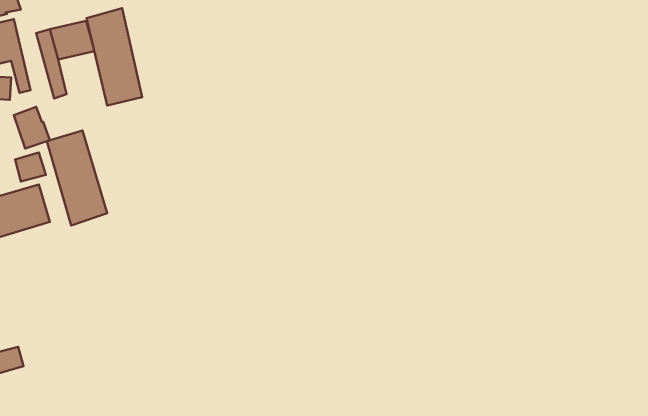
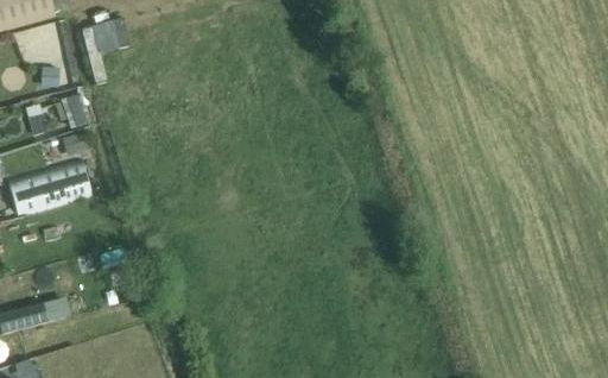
building: [87,8,142,105] -> none
building: [47,131,107,225] -> none

